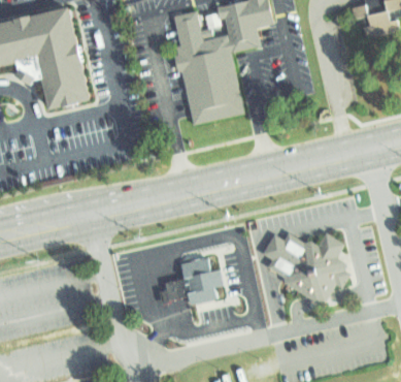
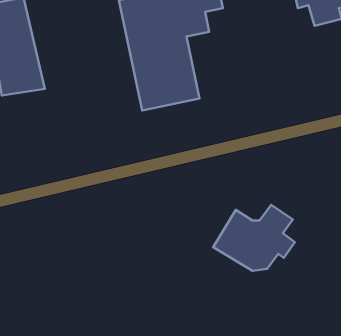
building: [179,255,224,305] -> none

